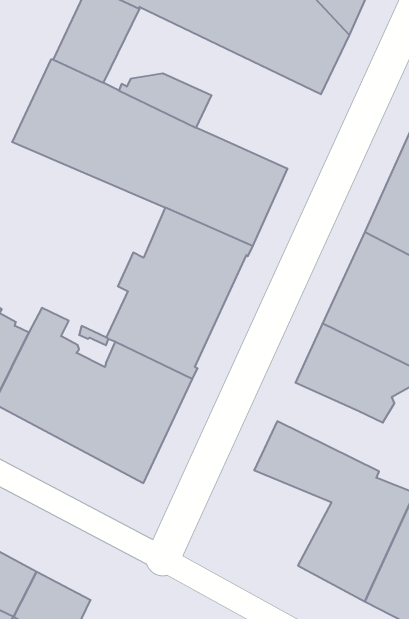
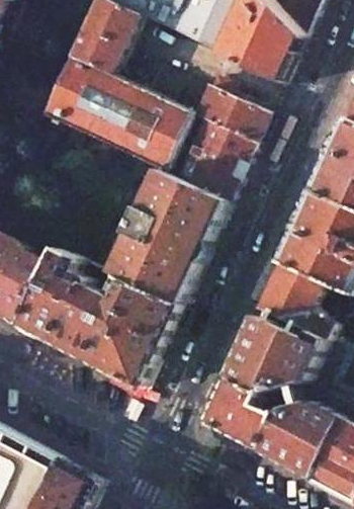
building: none -> [189,74,263,140]
building: none -> [242,314,333,377]
building: none -> [203,376,284,451]

